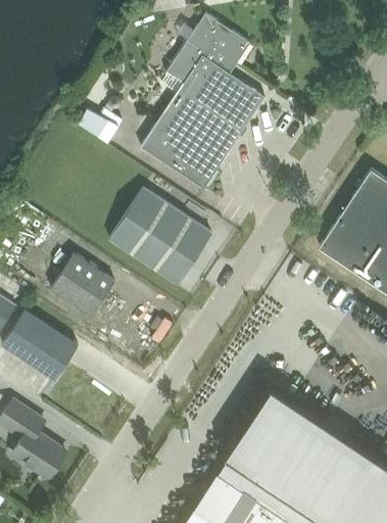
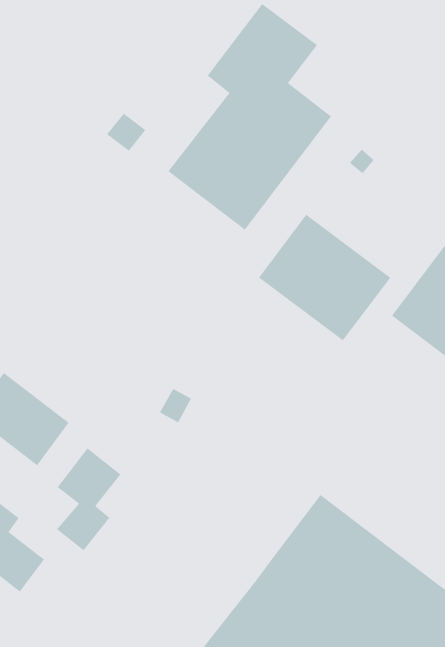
building: [109,189,211,285] -> [258,214,391,341]
building: [51,255,114,317] -> none
building: none -> [56,447,121,551]

